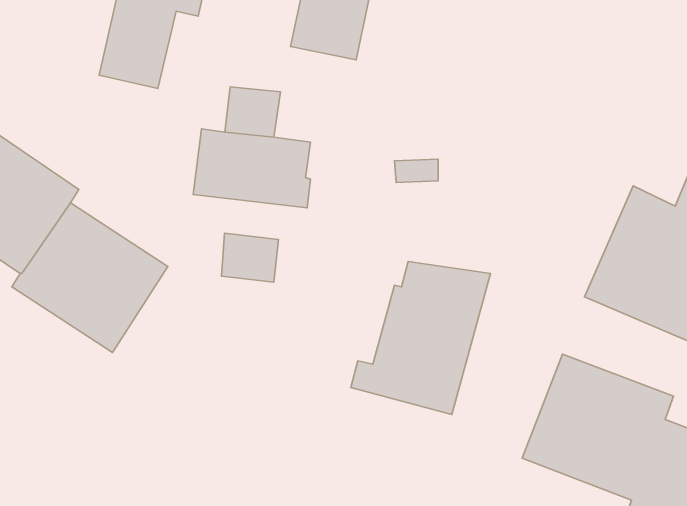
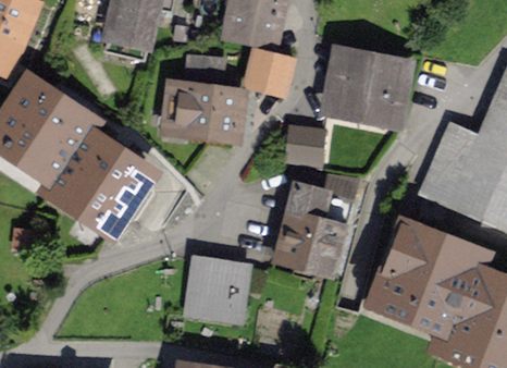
building: none -> [245,54,294,91]
building: none -> [331,58,404,119]
building: none -> [286,127,323,165]
building: [222,233,278,282] -> none
building: none -> [186,262,247,322]

